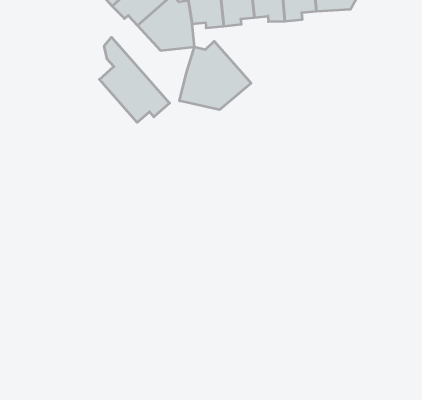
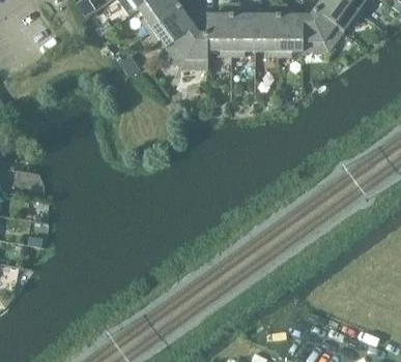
building: [99,37,170,122] -> none
building: [180,41,251,110] -> none

